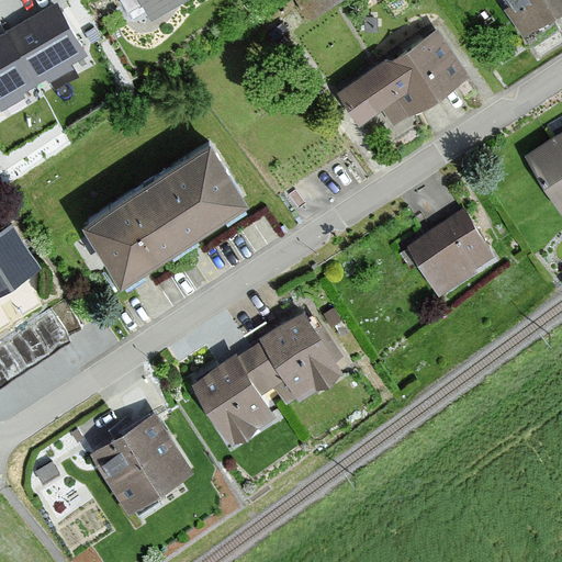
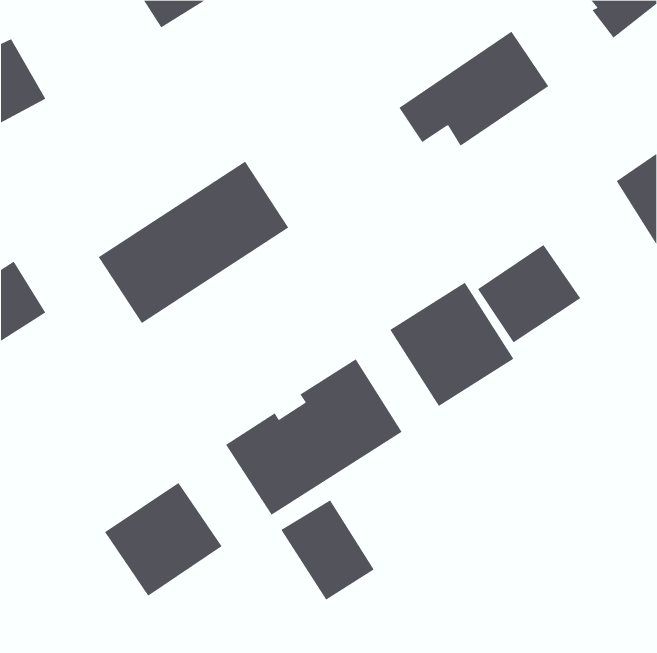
building: [10,9,88,88] -> none
building: none -> [389,282,514,407]
building: none -> [281,499,375,601]

